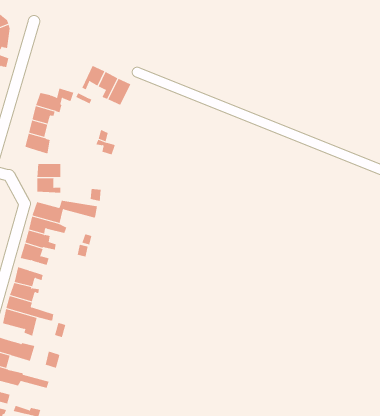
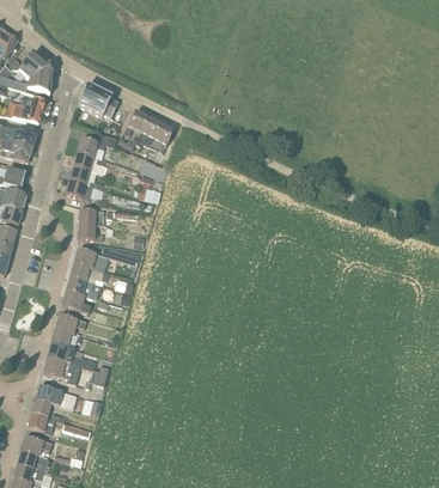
building: none -> [77,84,117,117]

